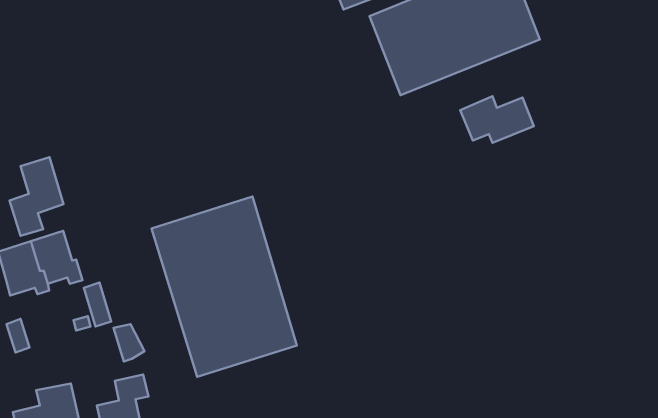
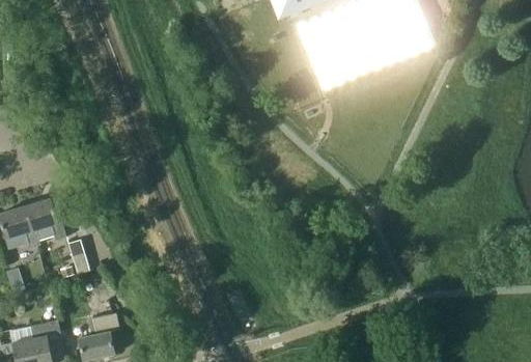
building: [460,96,534,143] -> none
building: [10,157,64,236] -> none
building: [152,196,297,377] -> none

